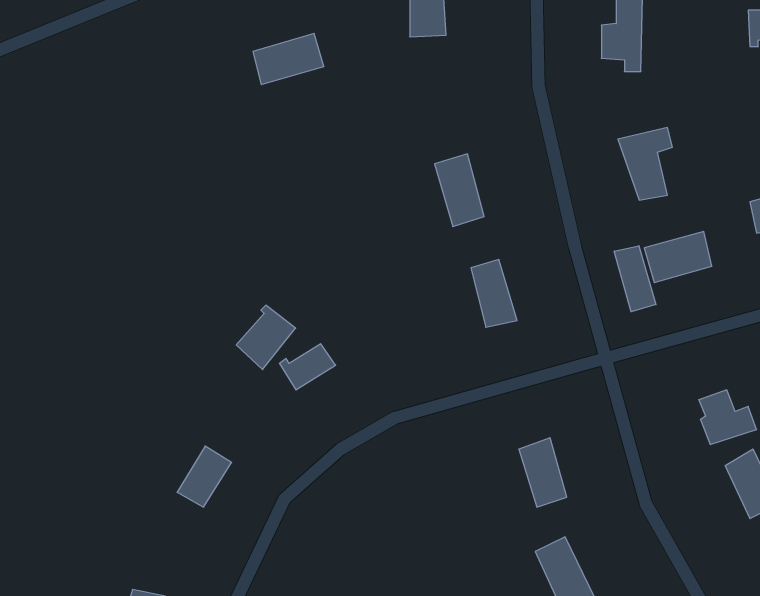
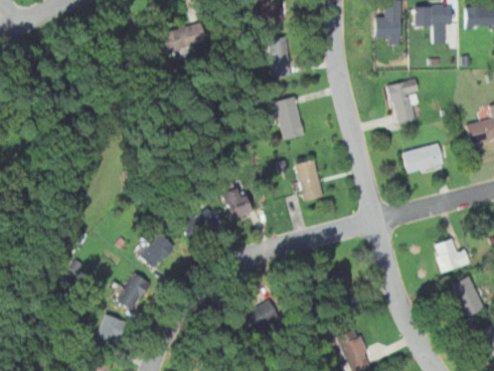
building: none -> [413,7,451,43]
building: none -> [268,37,290,76]
building: [614,246,656,312] -> none
building: [236,305,296,370] -> [140,232,176,271]
building: none -> [220,188,251,219]
building: none -> [242,298,283,334]
building: none -> [96,315,125,347]

